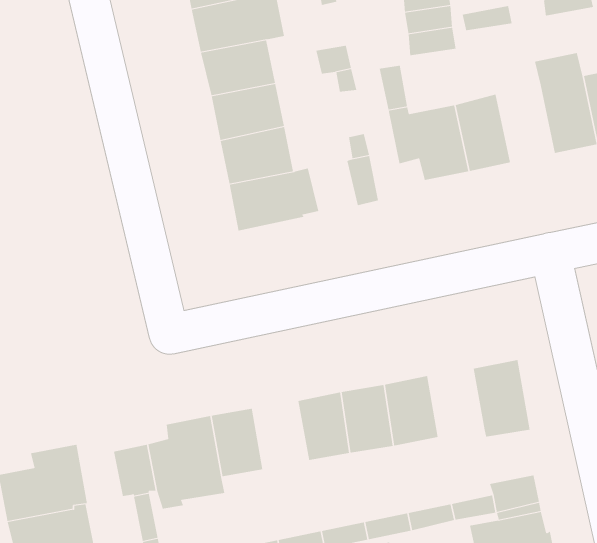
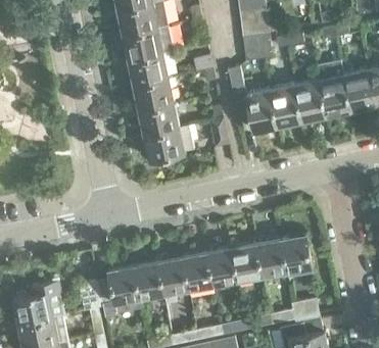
building: none -> [295,79,328,122]
building: none -> [256,239,288,278]
building: none -> [157,257,189,304]

